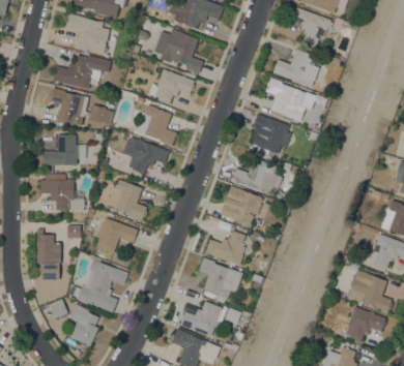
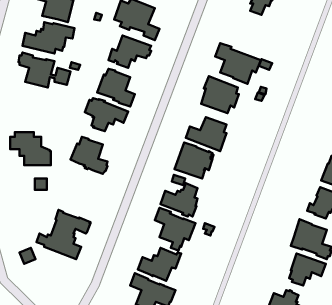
building: [271,49,325,88] -> none
building: [42,135,85,165] -> none
building: [95,218,137,254] -> none
building: [36,230,60,280] -> none
building: [68,304,98,346] -> none

